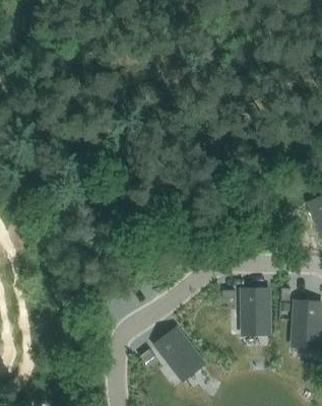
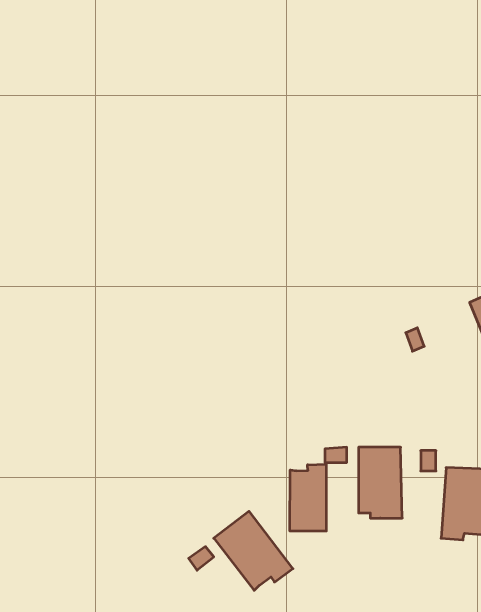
building: none -> [290,464,326,531]

